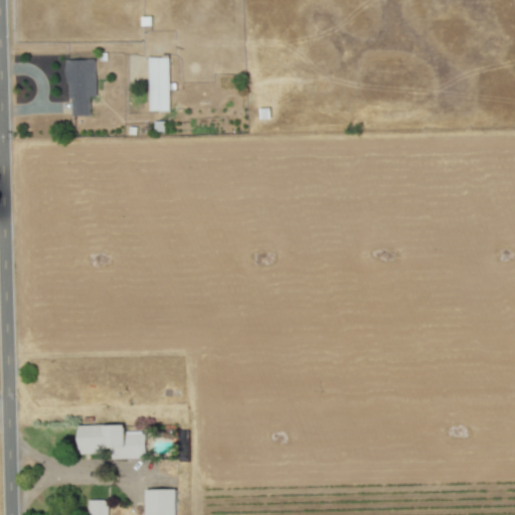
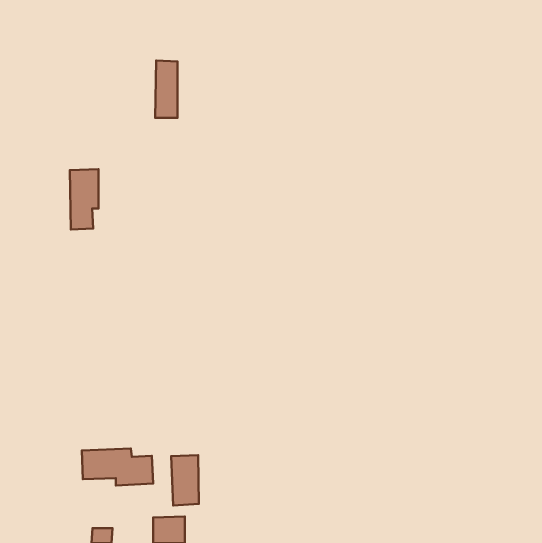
building: [67,59,95,117] -> [70,169,98,230]
building: none -> [171,455,199,506]

